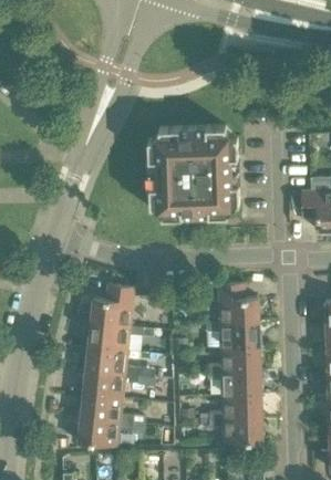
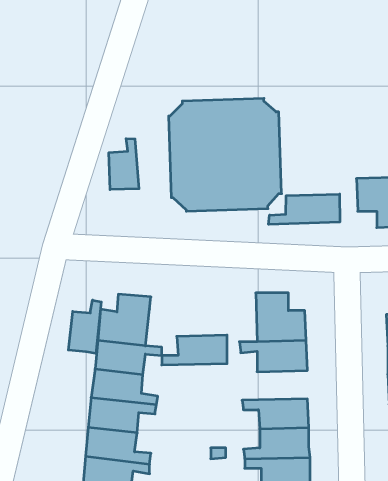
building: none -> [109,139,139,190]
building: none -> [269,194,340,224]
building: none -> [68,300,101,354]
building: [207,348,260,373] -> [162,335,227,365]

